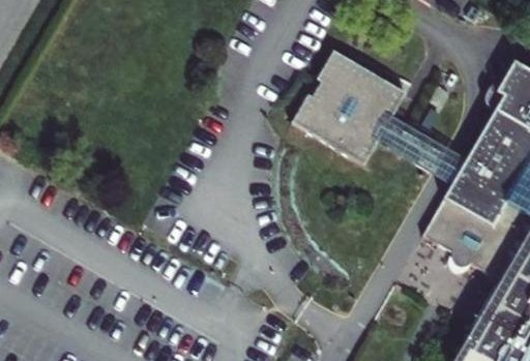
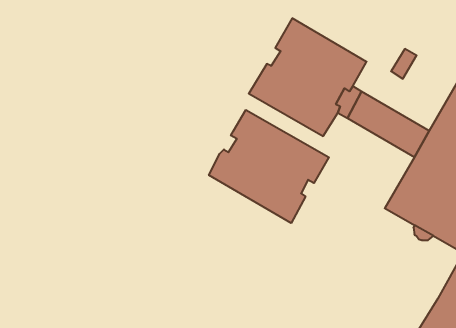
building: none -> [209,110,329,223]

